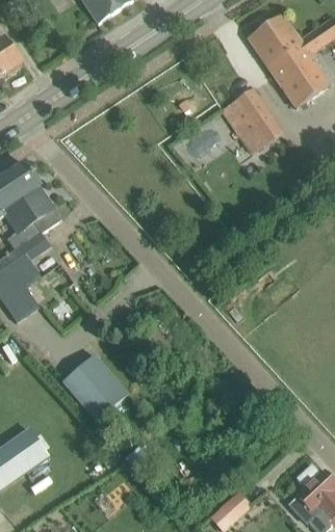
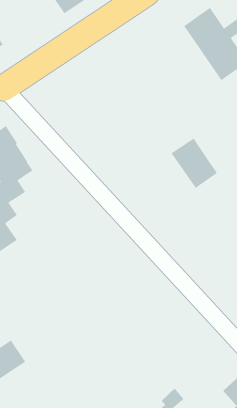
building: [222,87,281,152] -> [171,138,218,189]
building: [62,352,128,419] -> none

